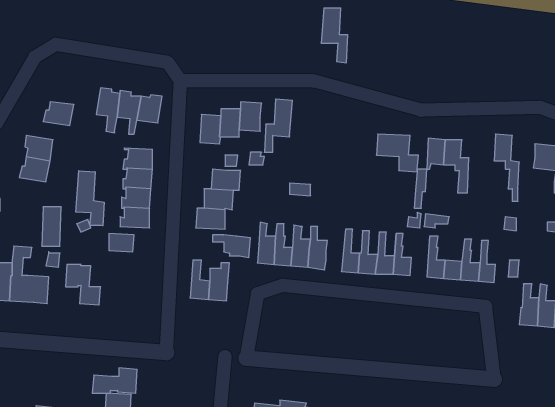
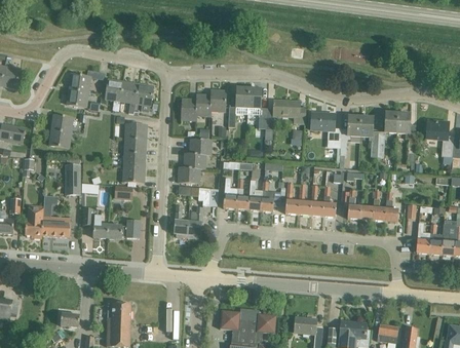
building: [321,8,348,63] -> [246,88,266,128]
building: none -> [70,70,104,91]
building: none -> [273,100,305,122]
building: none -> [377,112,397,157]
building: [76,171,104,226] -> none
building: [92,368,137,393] -> [107,220,140,238]

